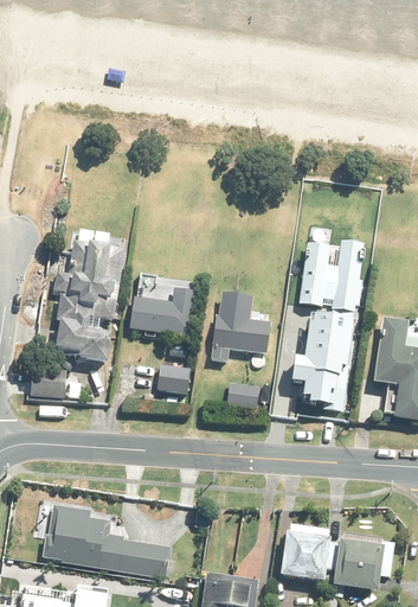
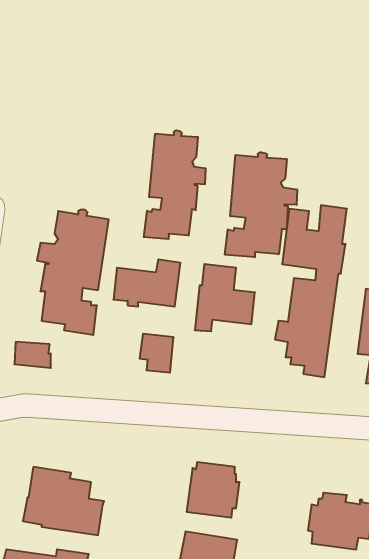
building: none -> [144,130,206,239]
building: none -> [225,152,297,257]
building: [226,385,259,413] -> none
building: [276,519,329,575] -> [187,462,240,518]
building: [115,539,166,579] -> none

